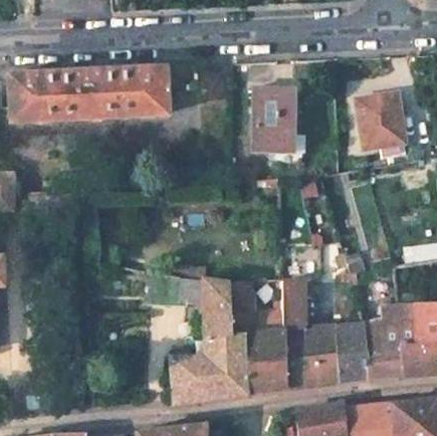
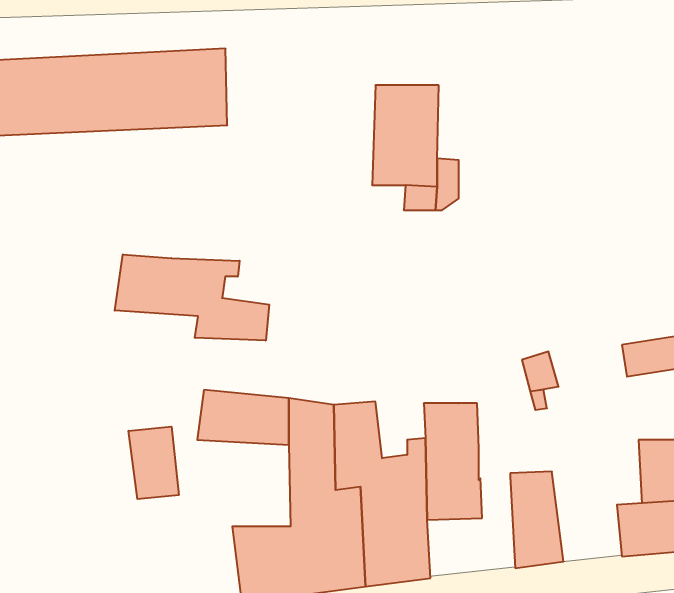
building: [357,93,404,149] -> none
building: none -> [115,254,269,341]
building: none -> [129,427,179,499]
building: [362,304,416,378] -> none
building: [286,324,340,388] -> none

